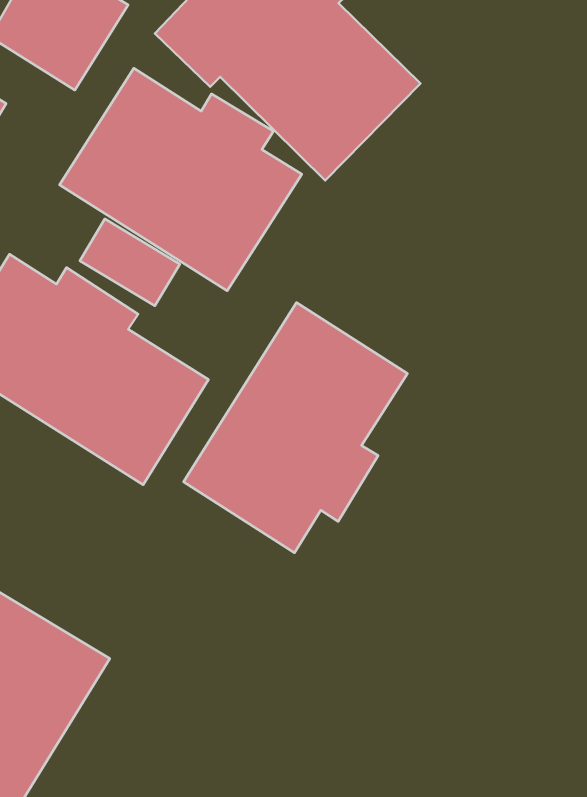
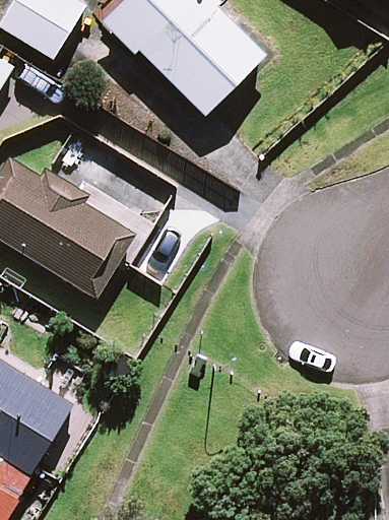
building: [59,68,302,291] -> none
building: [184,303,407,553] -> none

